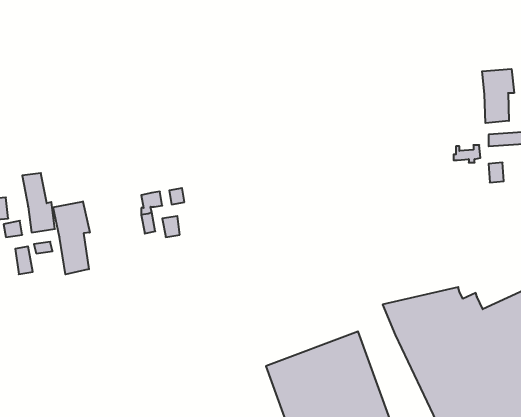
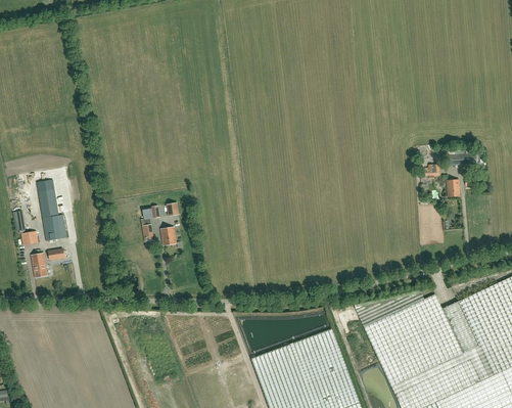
building: [482,69,514,123] -> none
building: [53,201,90,274] -> none

